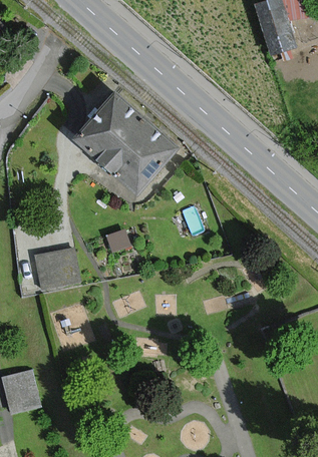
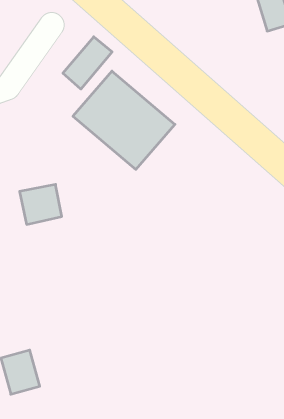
building: none -> [63,37,112,89]
building: [35,249,77,289] -> [20,184,62,224]

